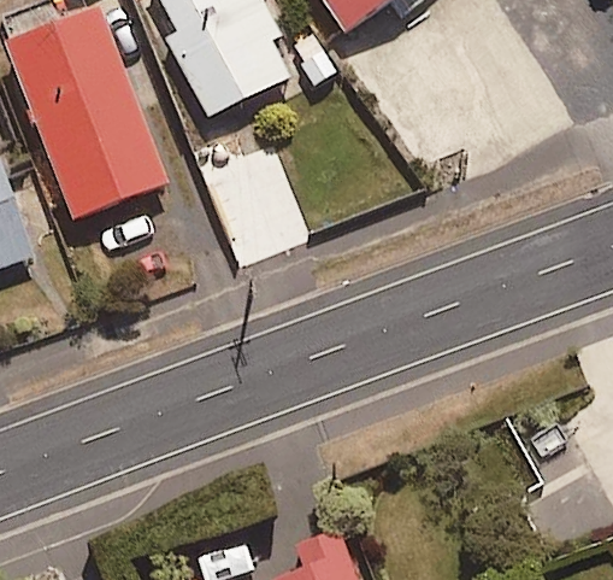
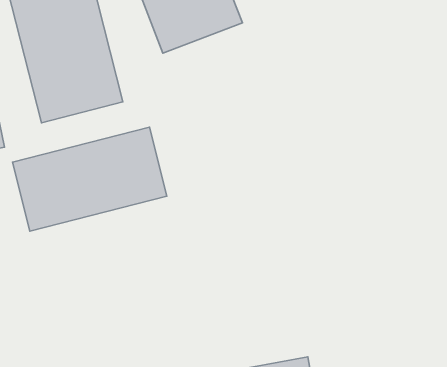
building: none -> [13,127,167,231]

